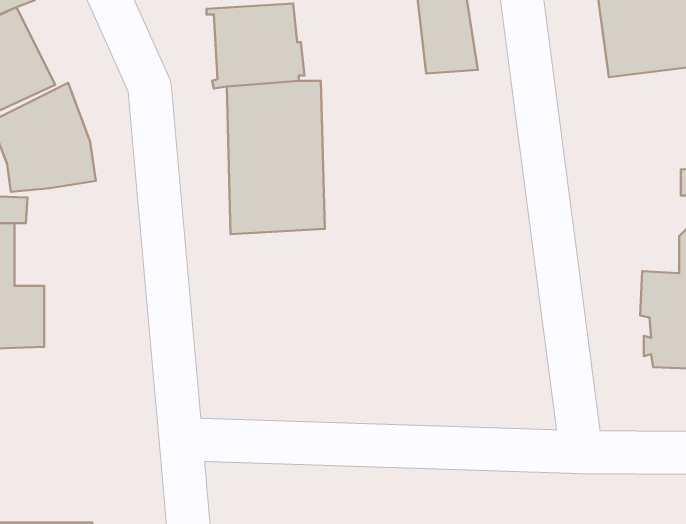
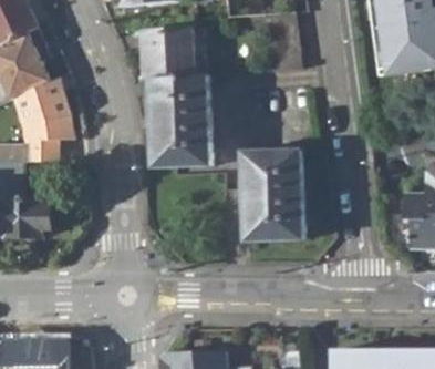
building: none -> [244,150,304,239]

